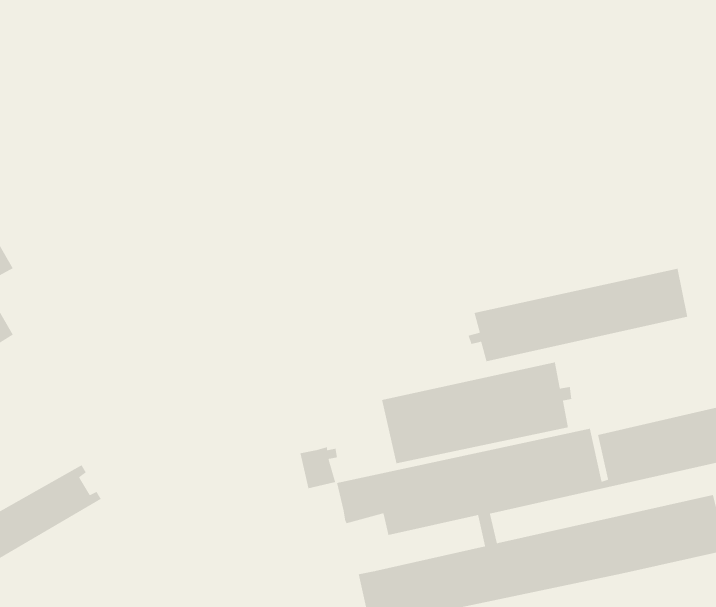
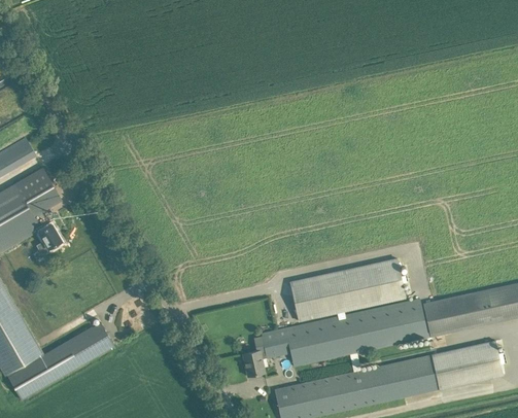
building: [467,268,688,362] -> none
building: [300,446,338,489] -> [241,349,265,376]

